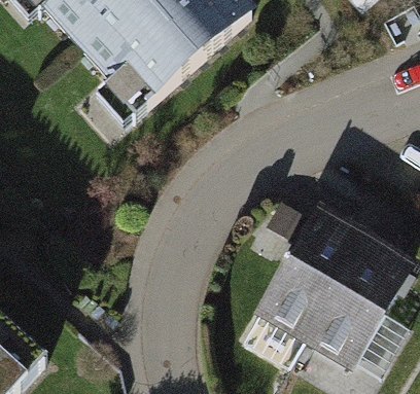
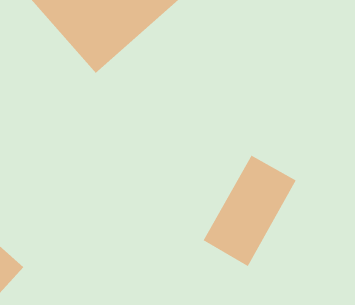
building: [299,242,406,368] -> none

